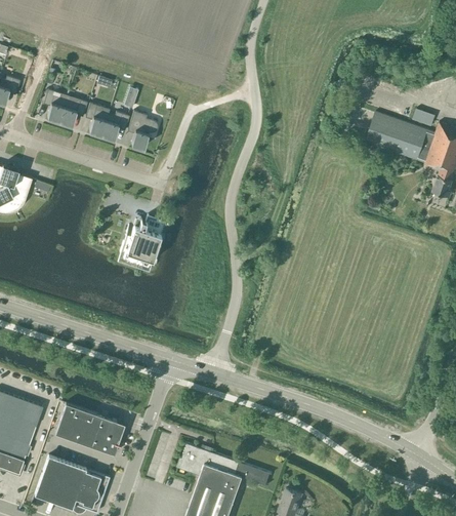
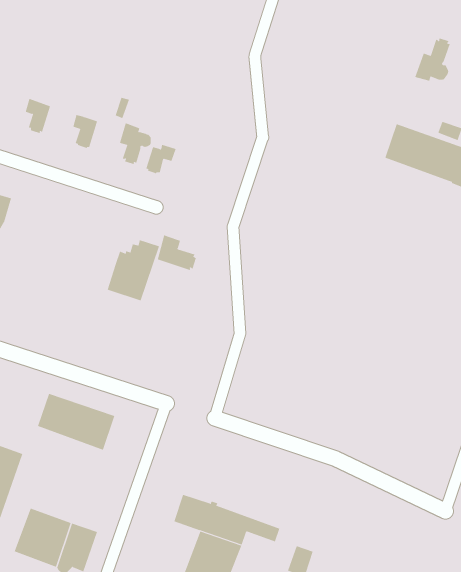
building: none -> [414,38,450,81]
building: [59,96,87,125] -> none
building: [101,112,129,138] -> [145,144,176,174]
building: none -> [157,234,196,271]
building: [54,403,124,454] -> [37,393,115,450]

